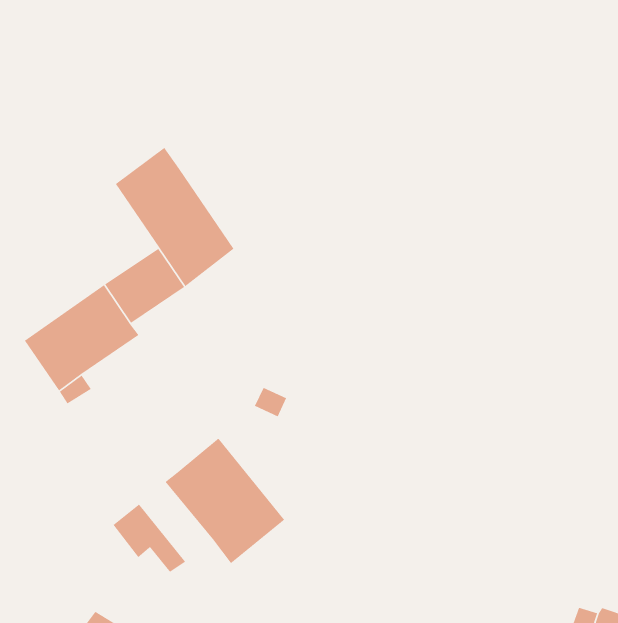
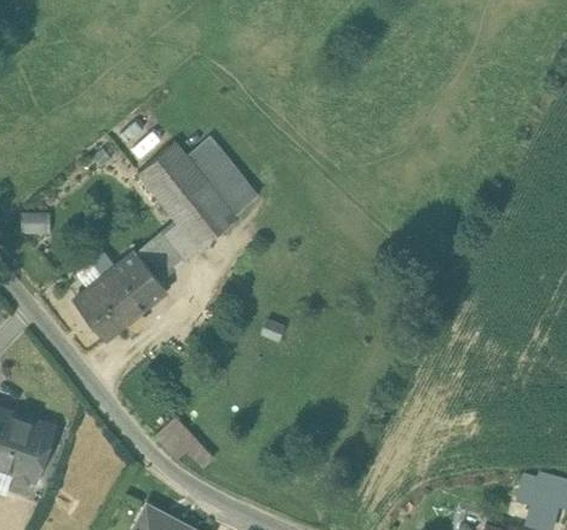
building: none -> [188,142,256,217]
building: [164,437,285,564] -> none

